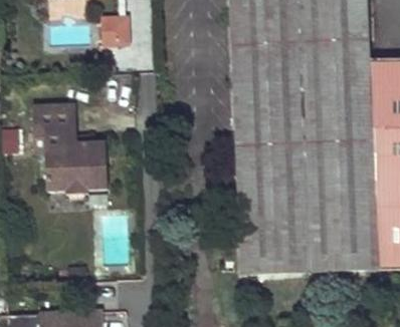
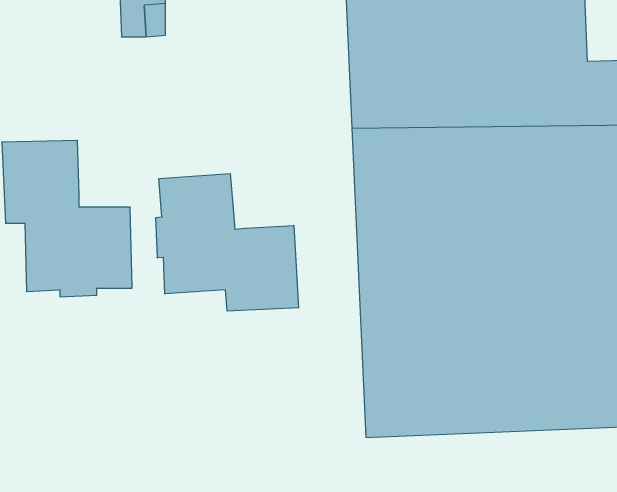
building: none -> [156,174,299,311]

